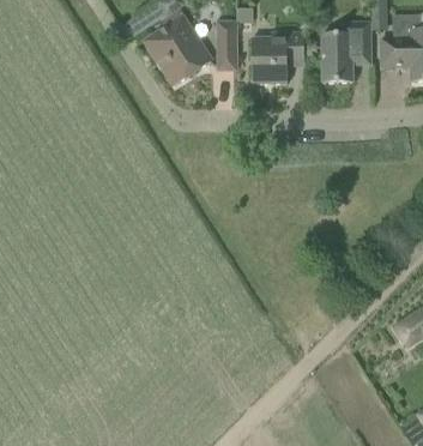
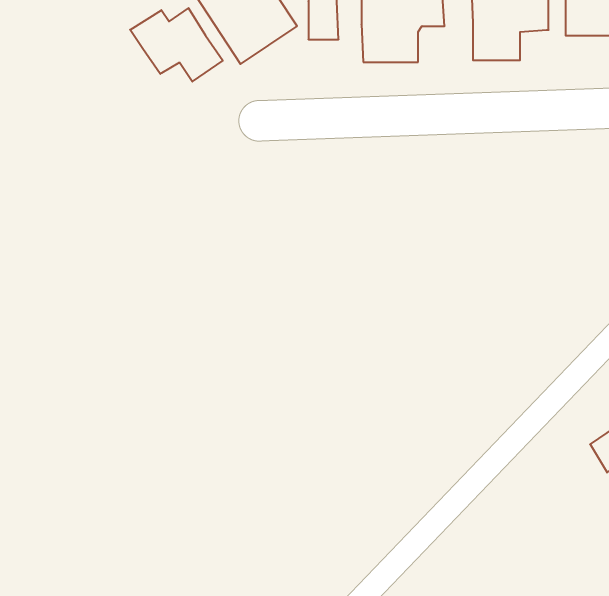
building: none -> [130,8,223,82]

